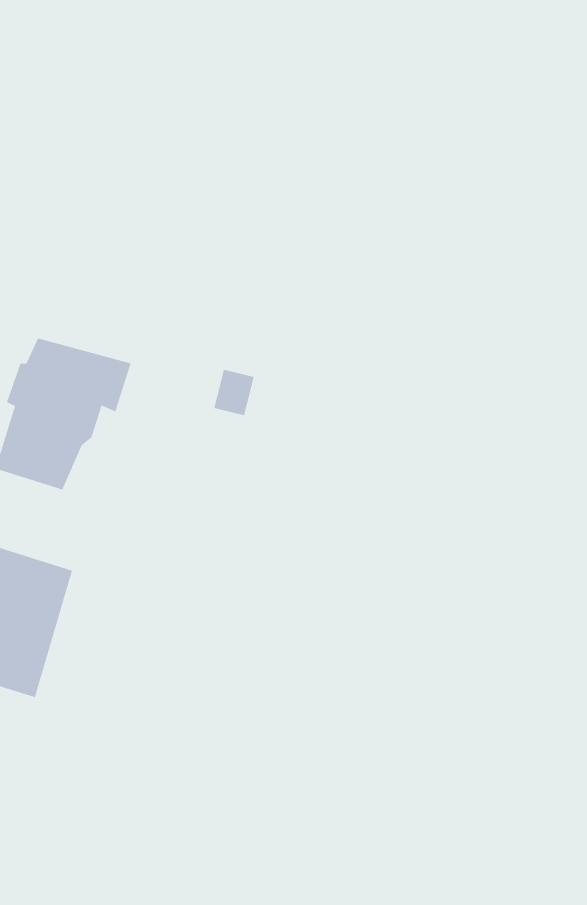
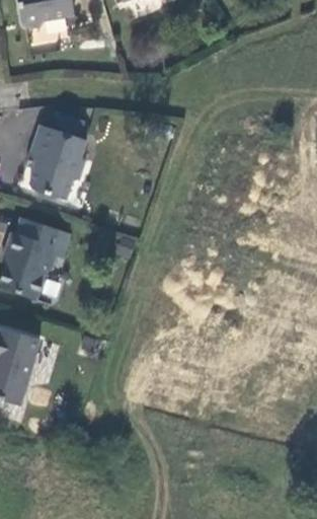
building: none -> [30,125,86,201]

